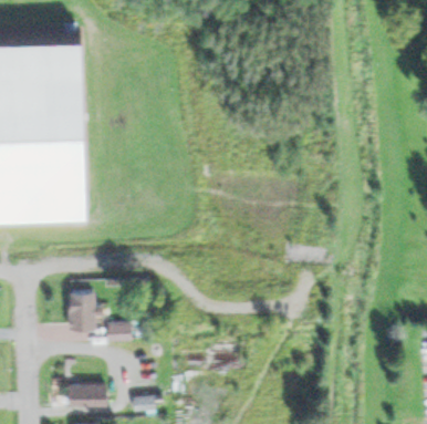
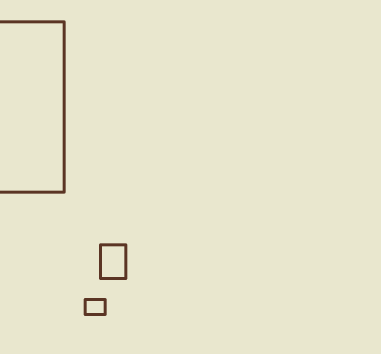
building: [70,293,96,329] -> [101,245,126,278]

